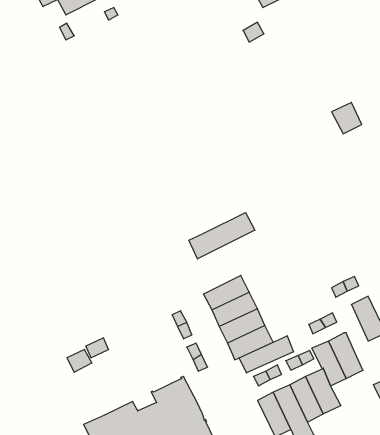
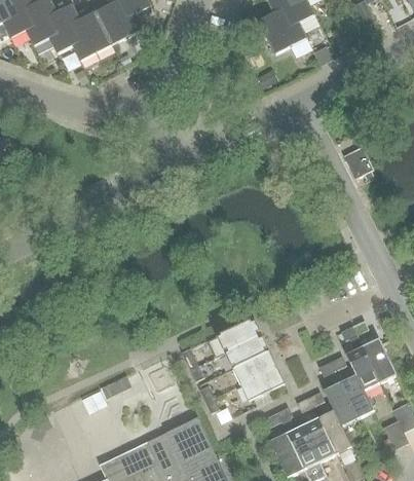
building: [189,213,255,259] -> none
building: none -> [345,346,378,391]
building: [239,336,293,373] -> none

